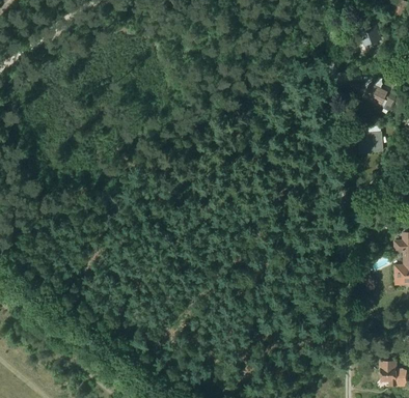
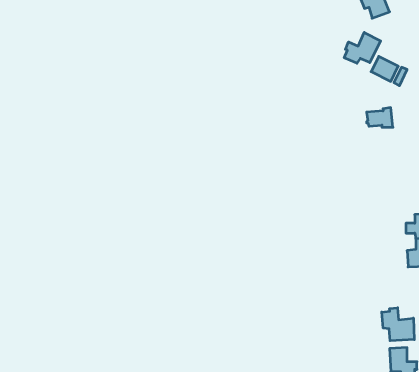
building: none -> [344,32,381,63]
building: none -> [382,308,414,341]

